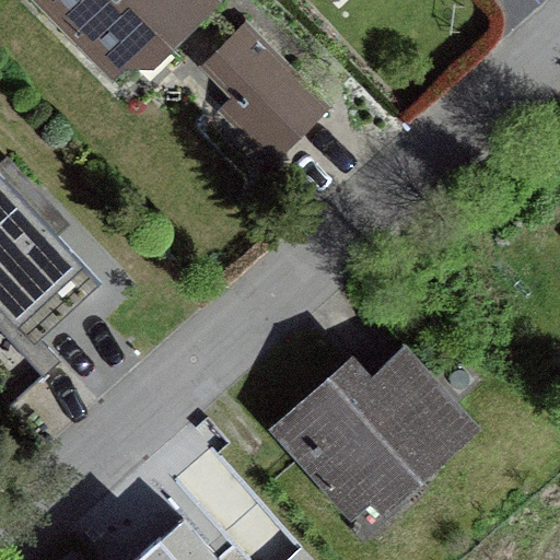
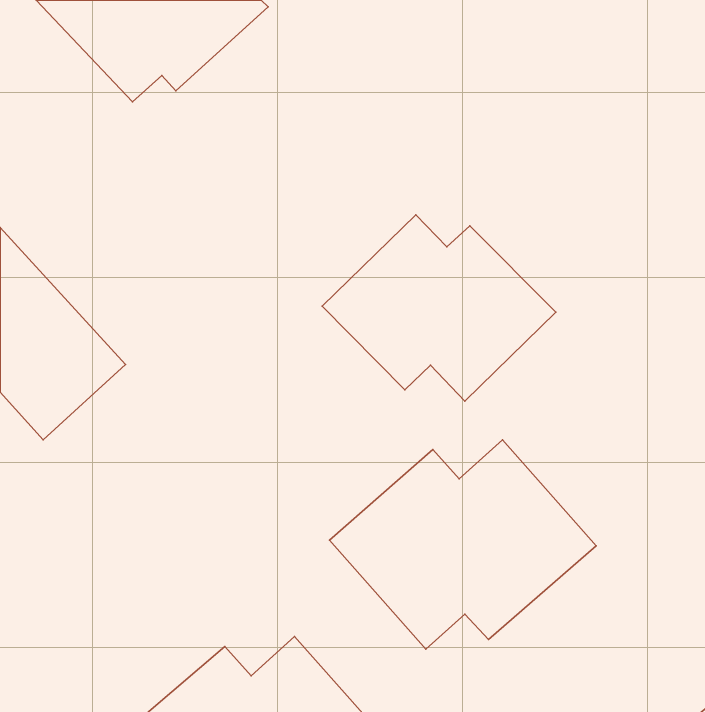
building: [228,34,326,161] -> none
building: none -> [322,215,556,401]

